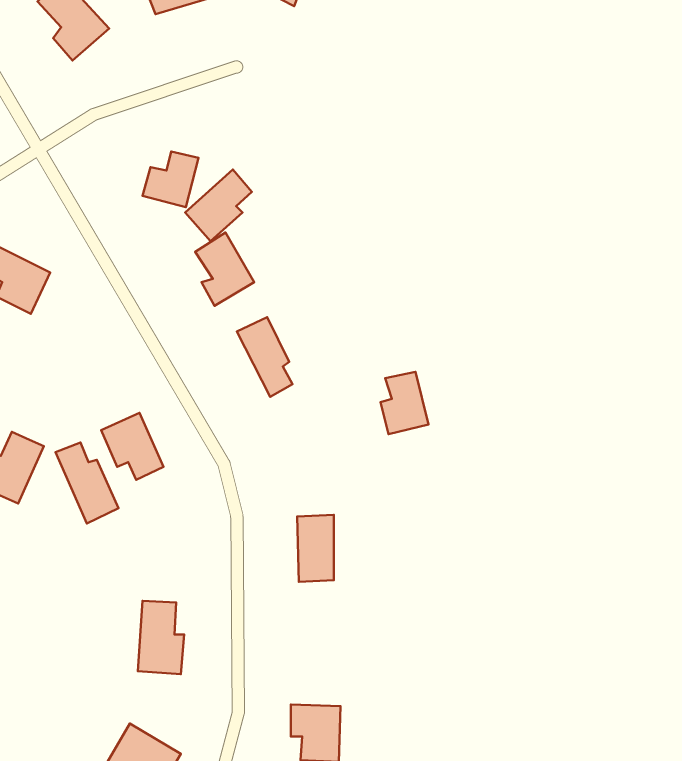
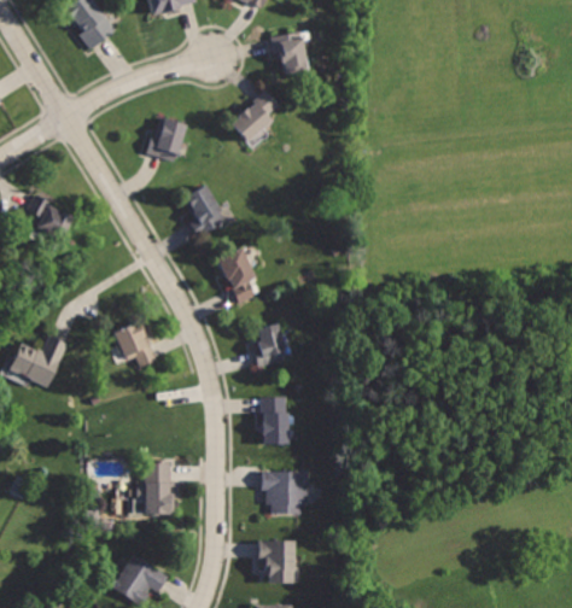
building: none -> [268,30,309,76]
building: [185,169,252,241] -> [227,89,278,144]
building: [381,372,428,434] -> [251,322,287,369]
building: [55,442,119,523] -> none
building: none -> [262,467,309,513]

